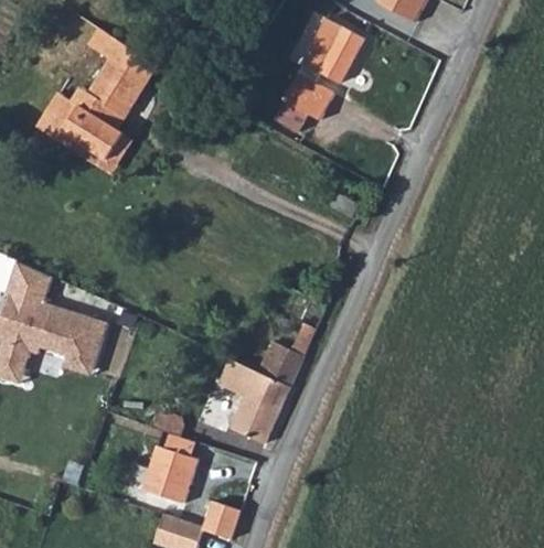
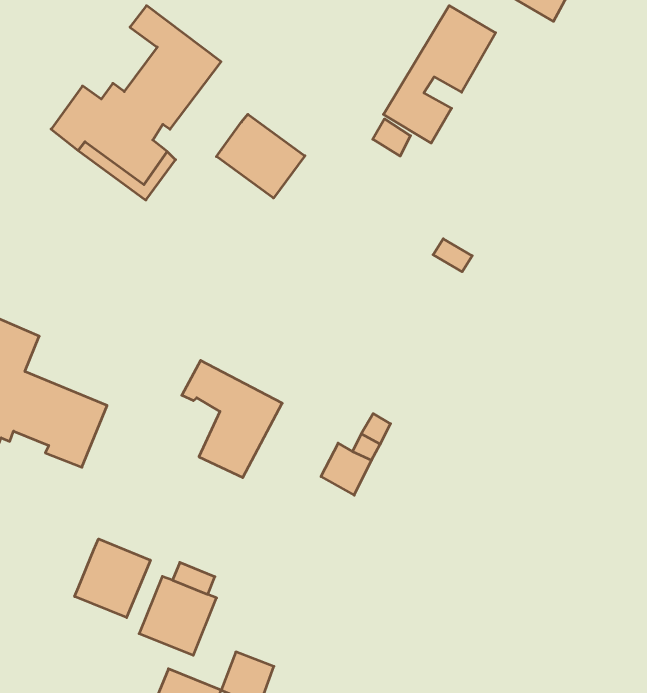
building: none -> [216,114,305,198]
building: [212,357,286,441] -> [182,360,282,478]
building: none -> [75,539,150,618]

